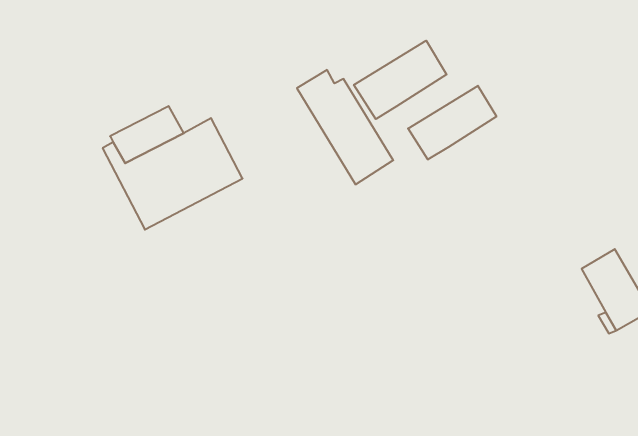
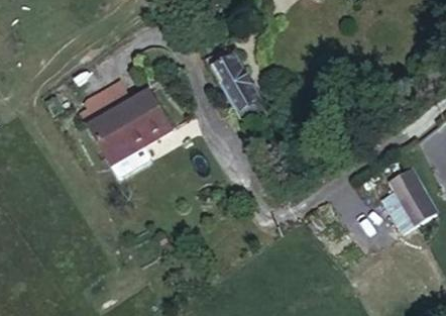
building: [354,41,447,119] -> none
building: [408,86,496,160] -> none

